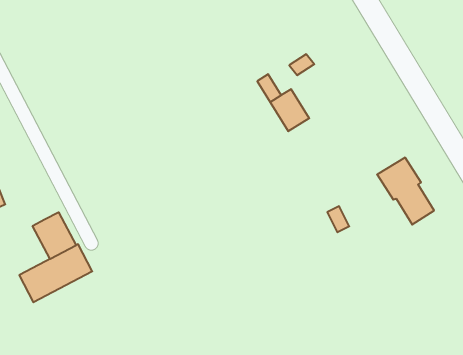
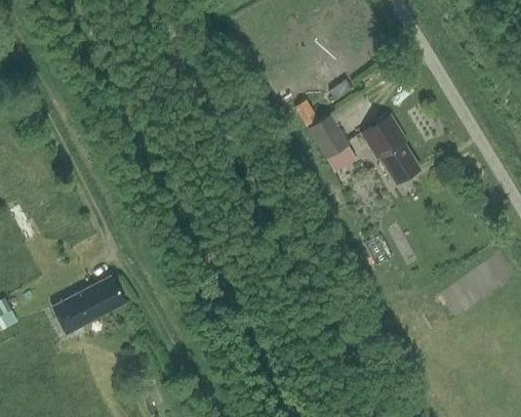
building: [377,158,434,225] -> [361,115,419,183]
building: [33,212,76,259] -> none

